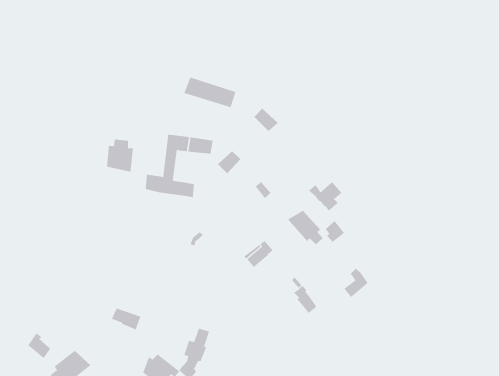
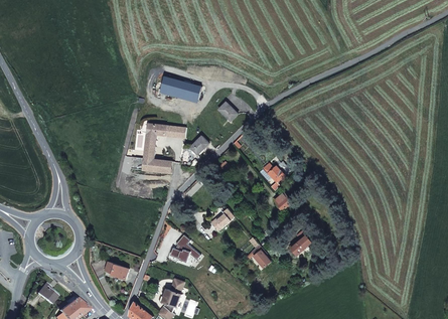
building: [107,139,134,173] -> none
building: [287,210,324,245] -> none
building: none -> [170,234,200,262]

